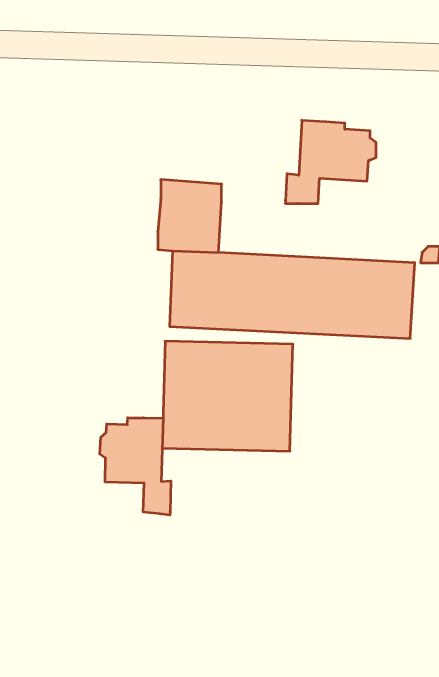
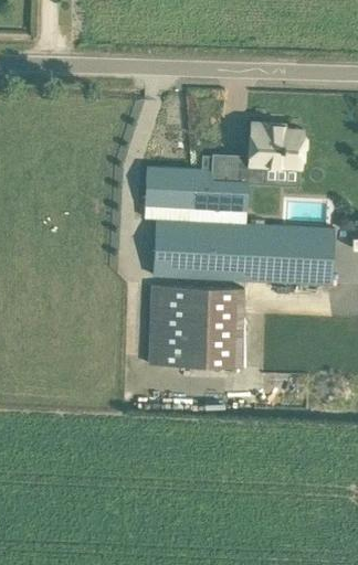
building: none -> [190,154,249,224]
building: [100,418,171,515] -> none

